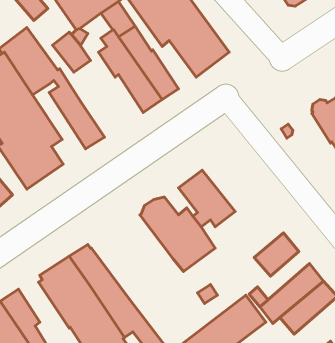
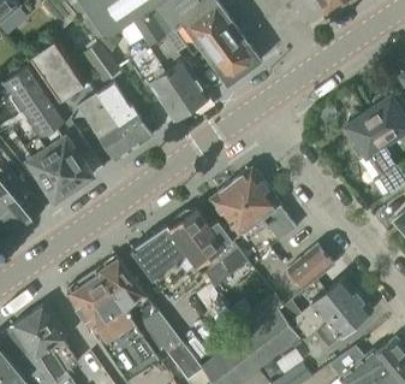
building: none -> [100,87,153,148]
building: none -> [234,167,296,240]
building: none -> [131,225,204,303]

